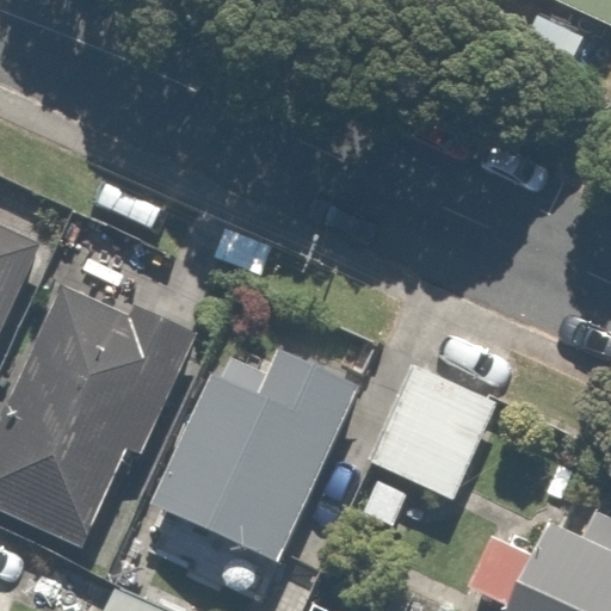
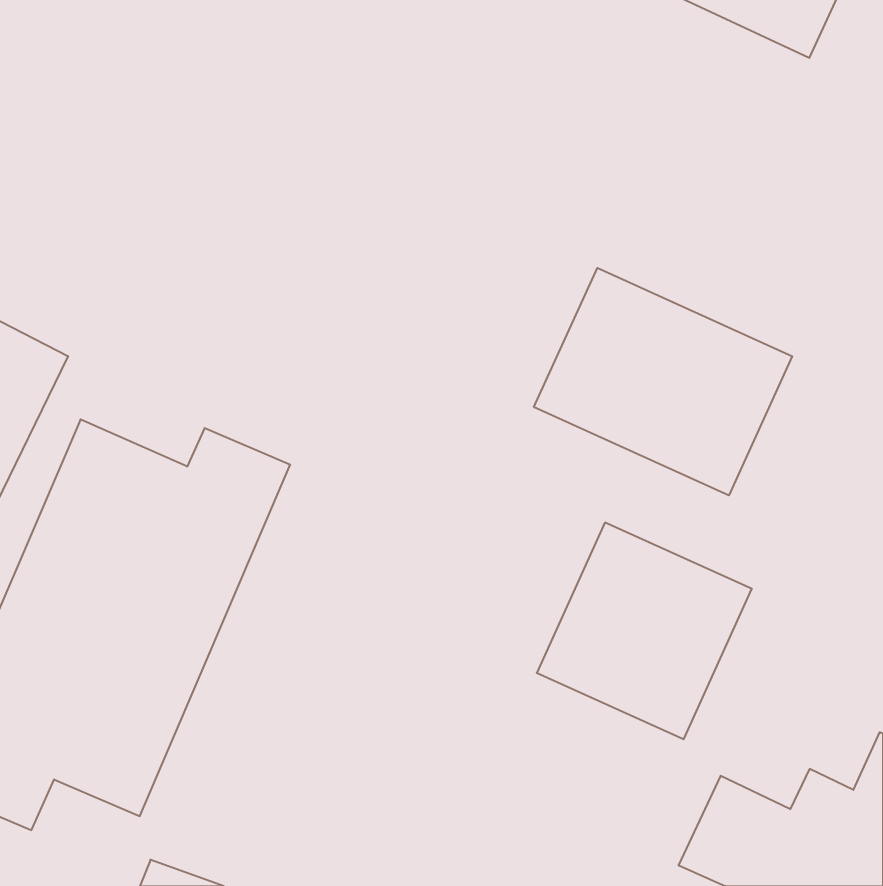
building: none -> [534,268,792,495]
building: [150,348,357,561] -> none

